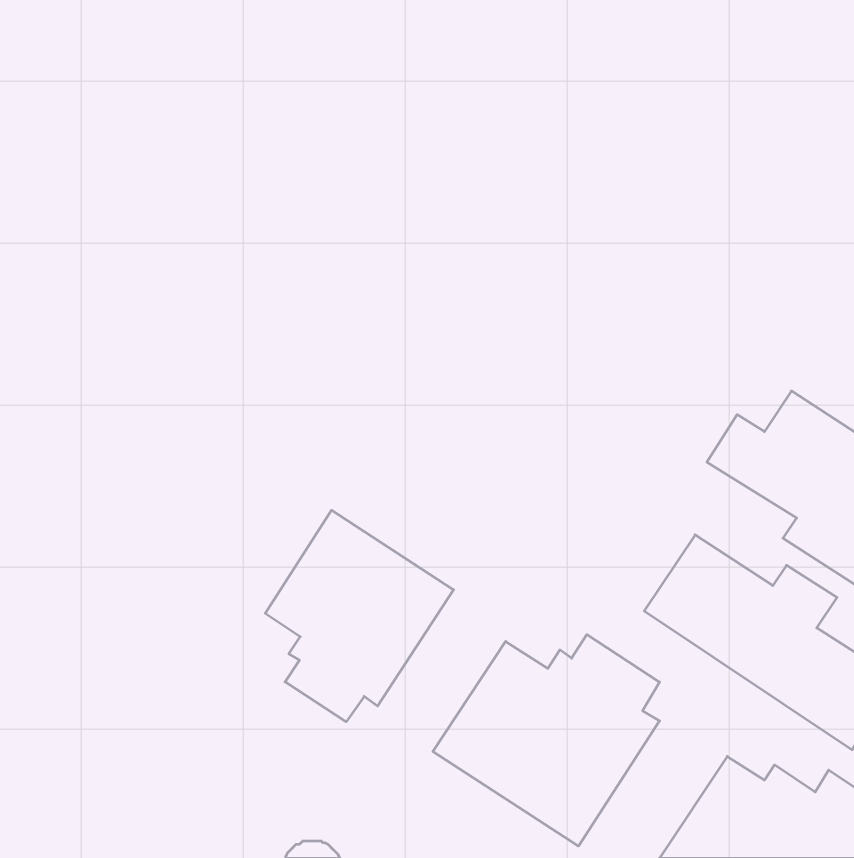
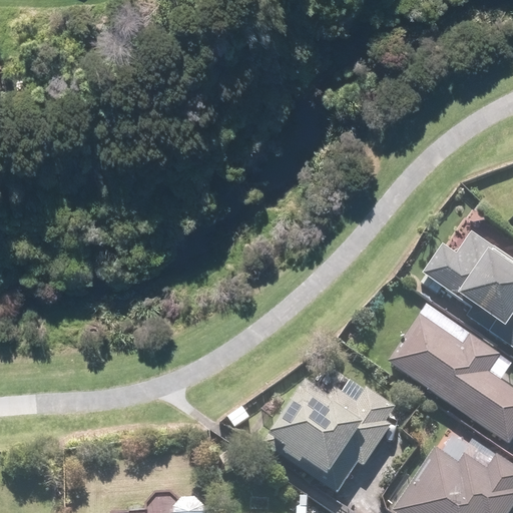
building: [265,510,454,722] -> none

